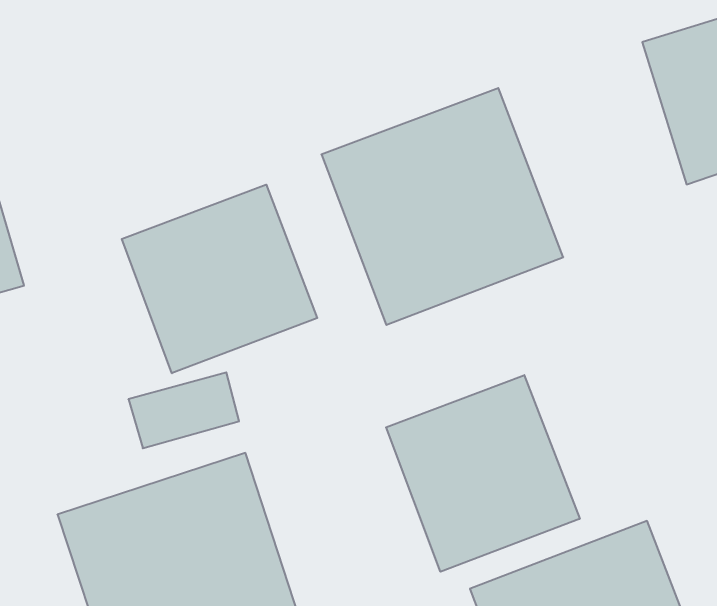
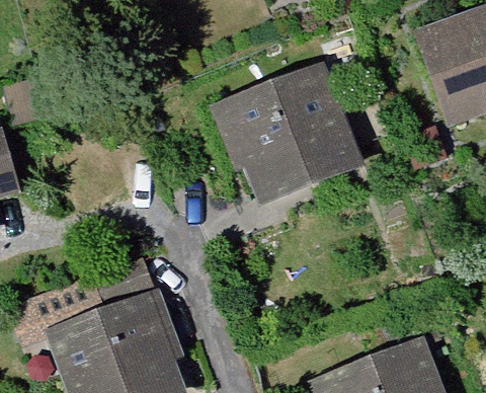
building: [122,185,317,373] -> none
building: [386,375,580,572] -> none

